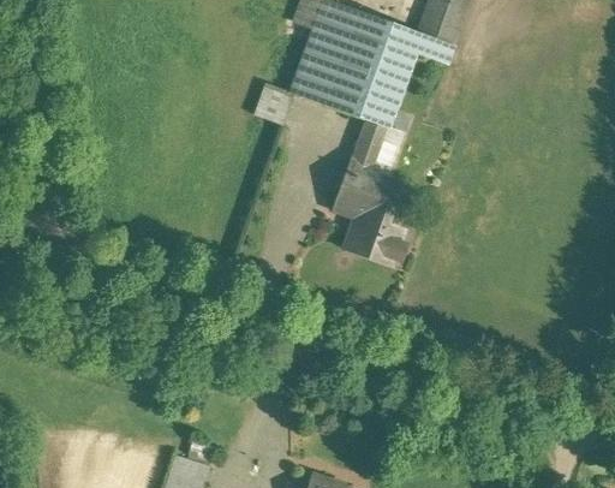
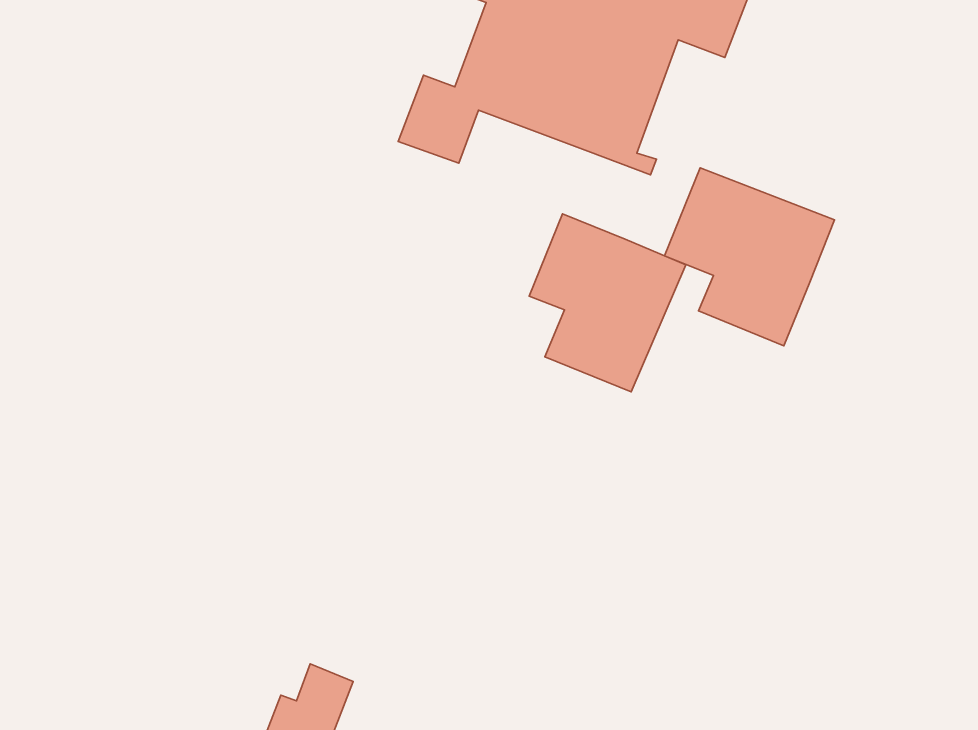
building: [350,121,404,175] -> none
building: none -> [664,168,835,346]

